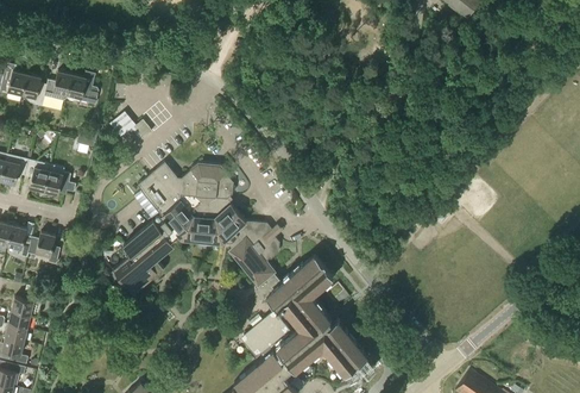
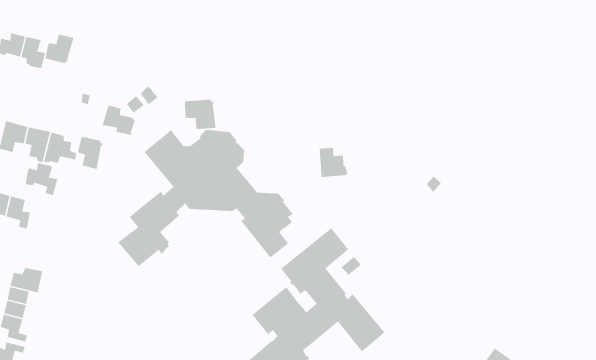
building: [65,75,97,105] -> [102,104,135,136]
building: none -> [184,99,217,130]
building: none -> [77,136,103,170]
building: none -> [319,147,348,178]
building: [27,232,59,264] -> [25,162,59,196]

